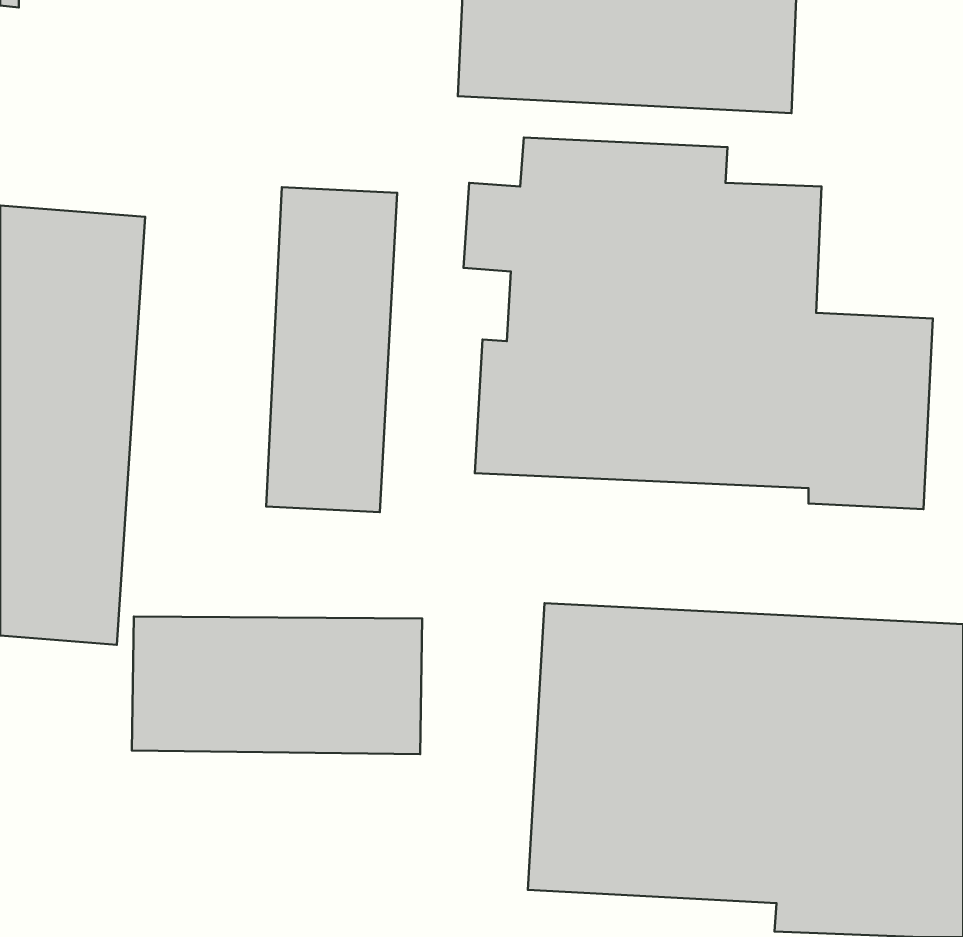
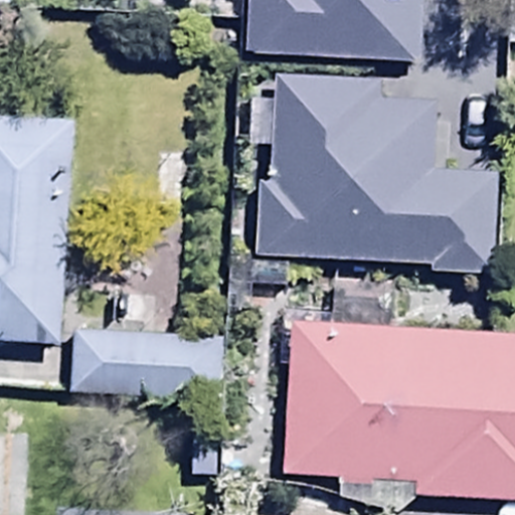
building: [266,187,397,512] -> none

